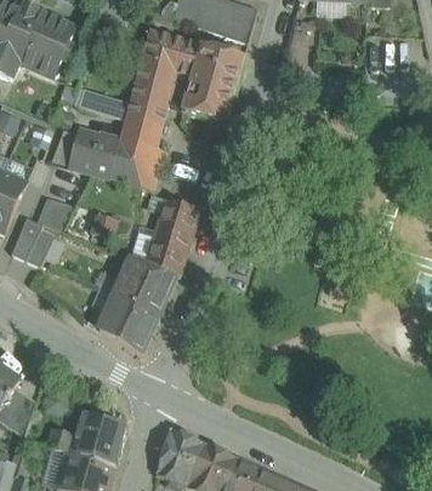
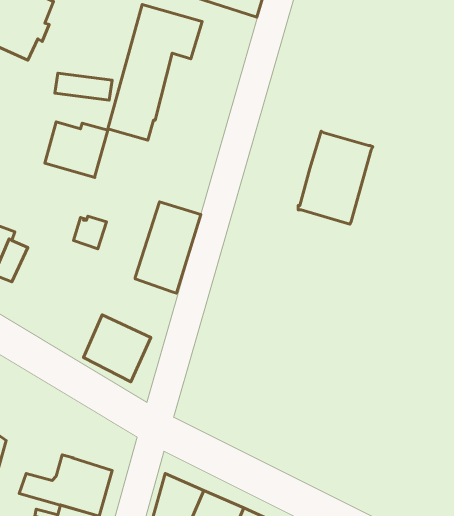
building: [182,45,245,124] -> [298,131,373,224]
building: [110,136,165,189] -> none
building: [36,193,70,227] -> none
building: [116,258,176,313] -> none

